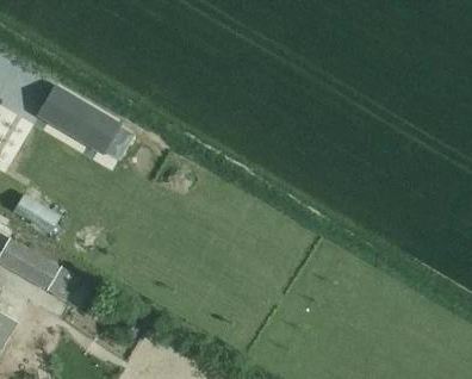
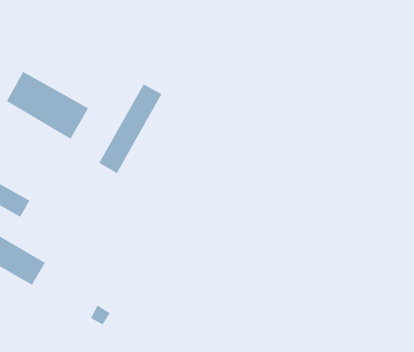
building: none -> [99,83,162,174]

